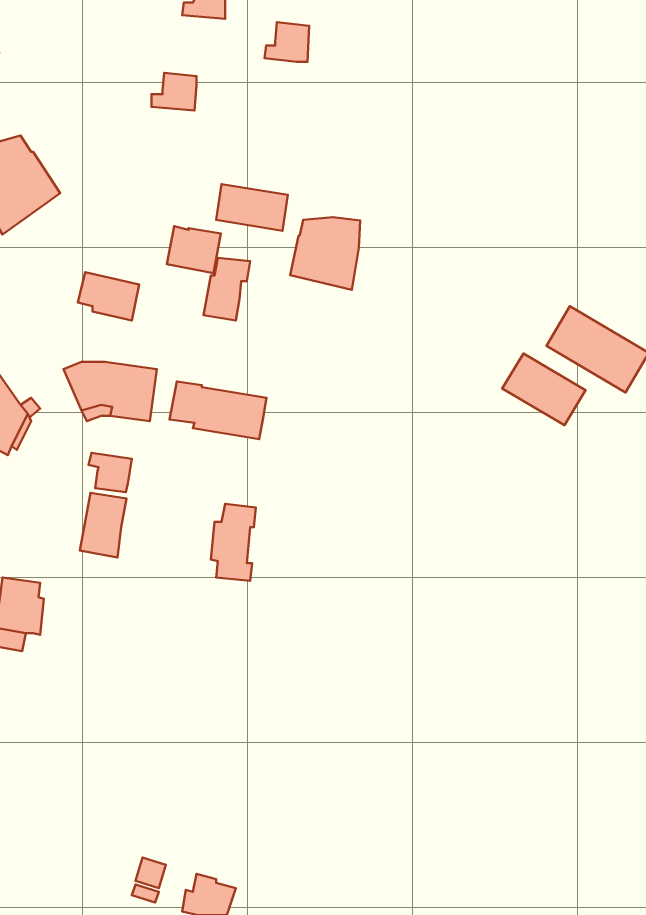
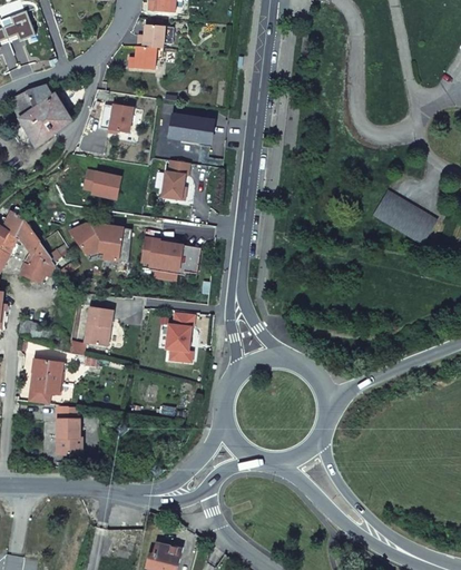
building: [264,22,309,62] -> [136,23,164,48]
building: [290,217,360,290] -> none
building: [167,226,221,273] -> [99,104,133,132]
building: [502,353,585,425] -> none
building: [89,453,132,492] -> none
building: none -> [57,405,81,453]

